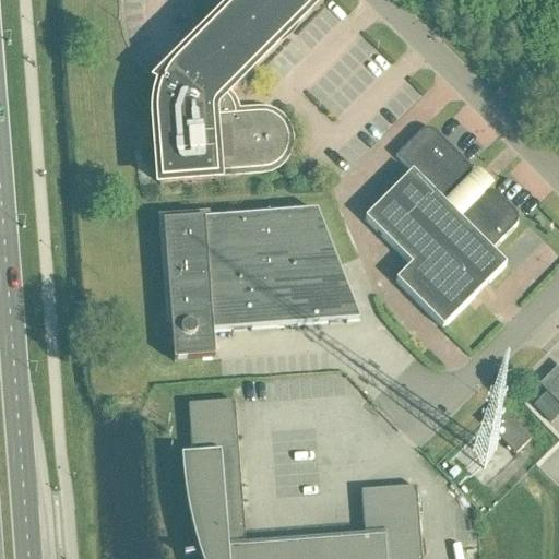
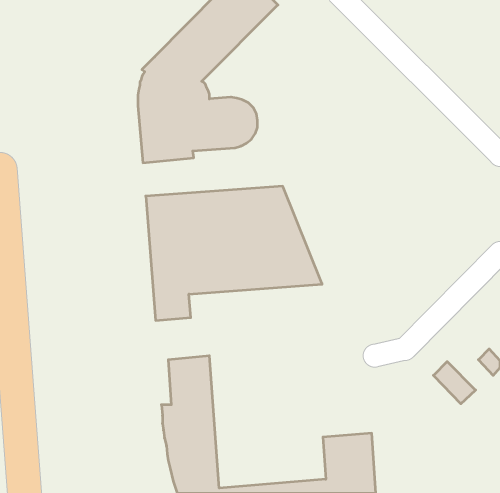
building: [365,124,516,323] -> none

